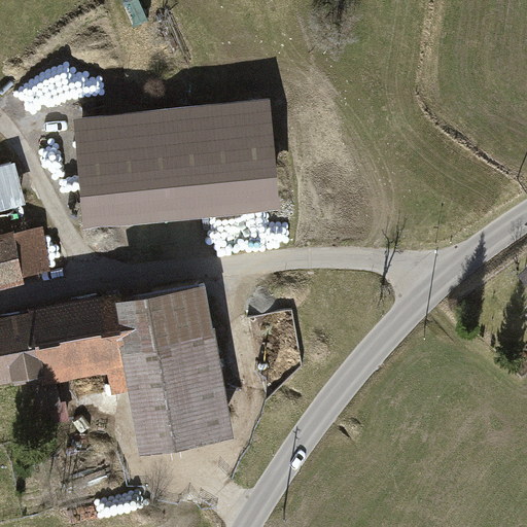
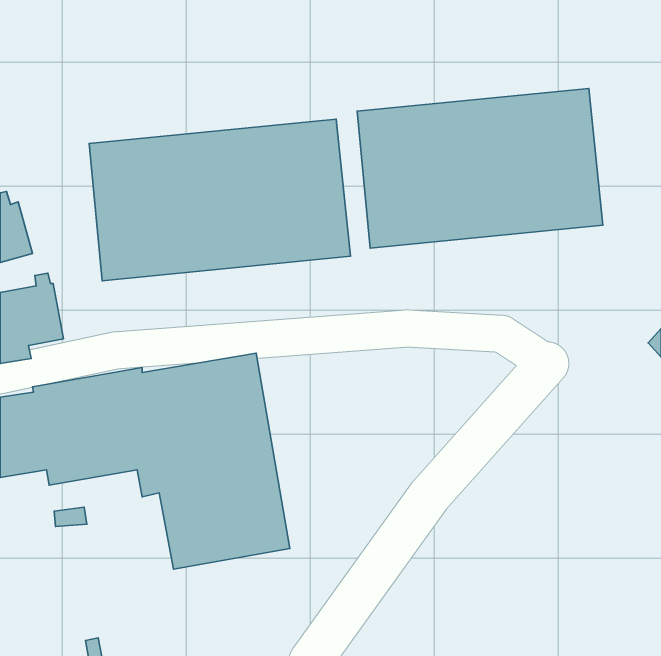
building: none -> [357,88,603,248]

